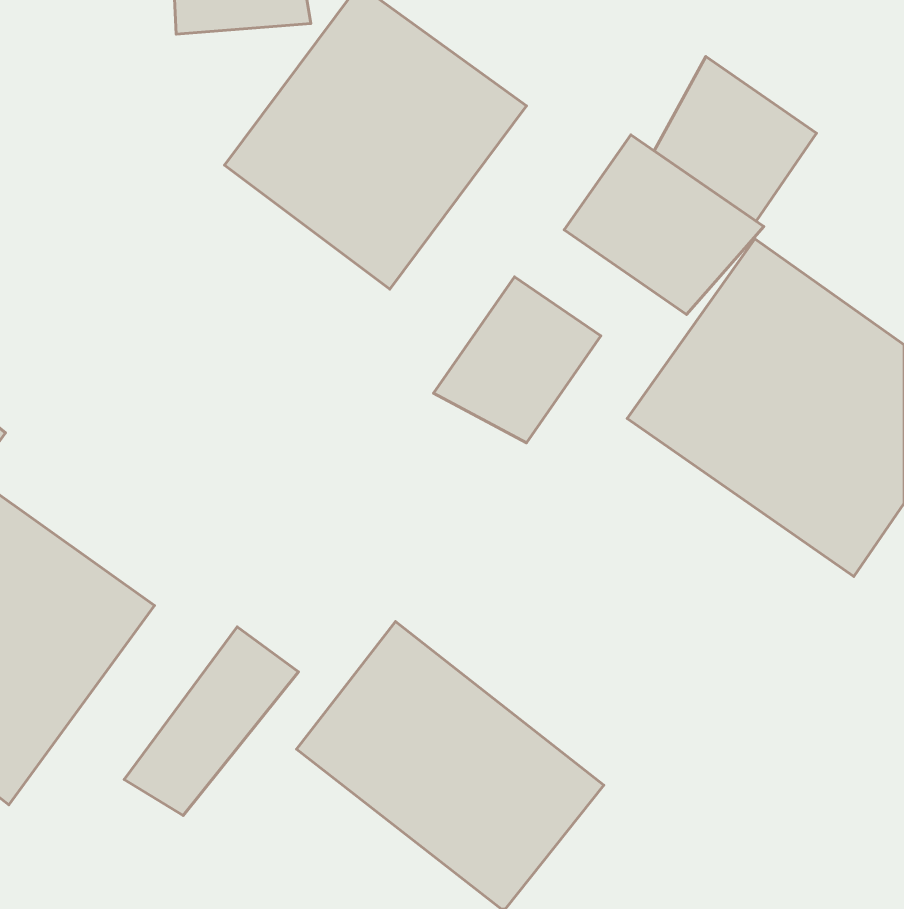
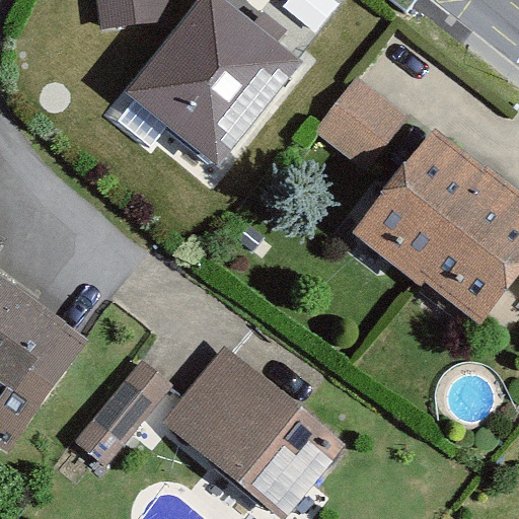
building: [654,56,816,221] -> none
building: [434,277,601,443] -> none

